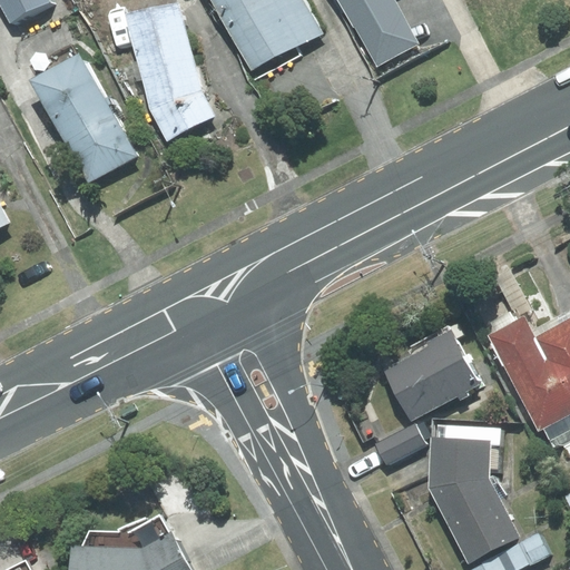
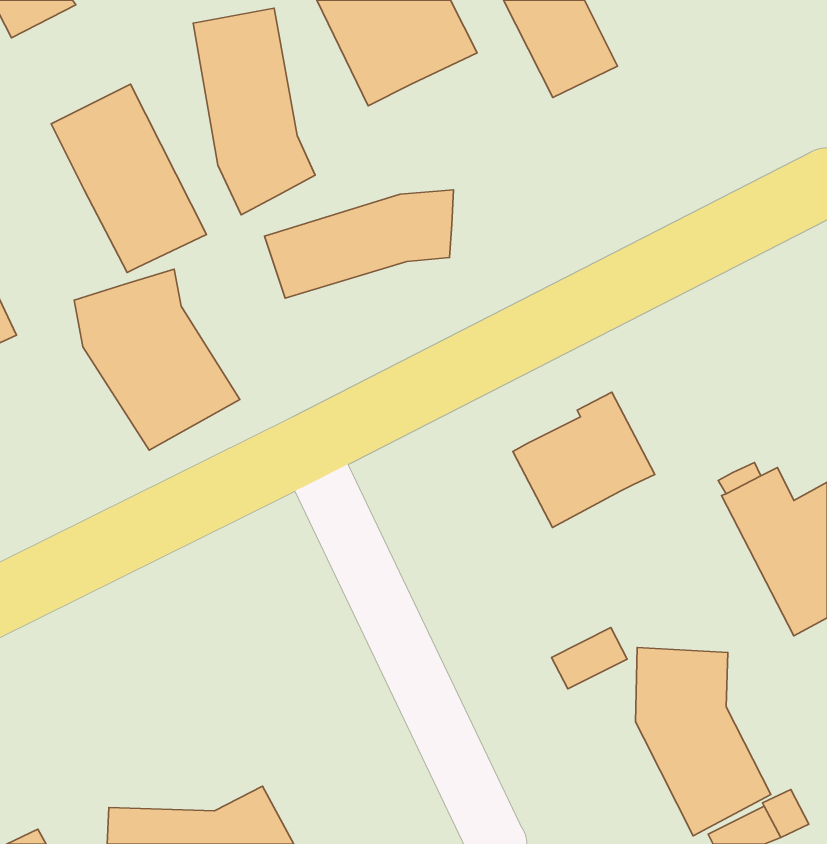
building: none -> [265,190,454,298]
building: none -> [74,269,240,450]
building: [383,330,479,421] -> [513,392,655,527]

